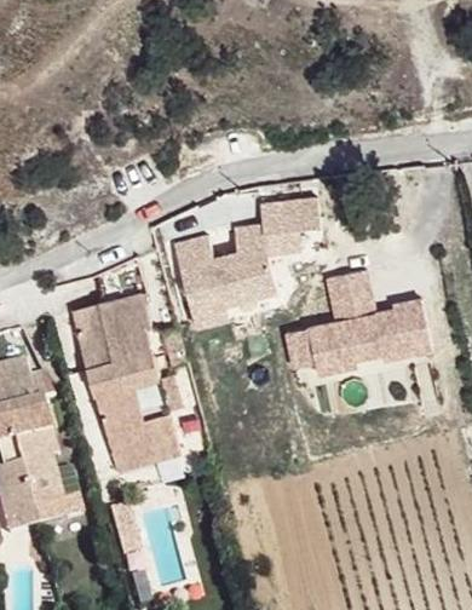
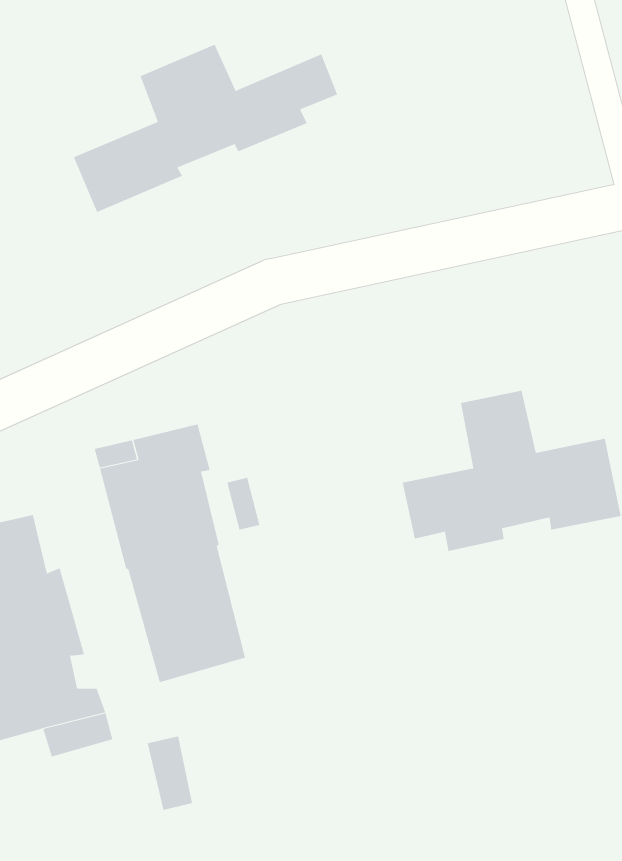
building: none -> [73,44,338,213]
building: [169,198,317,329] -> none

